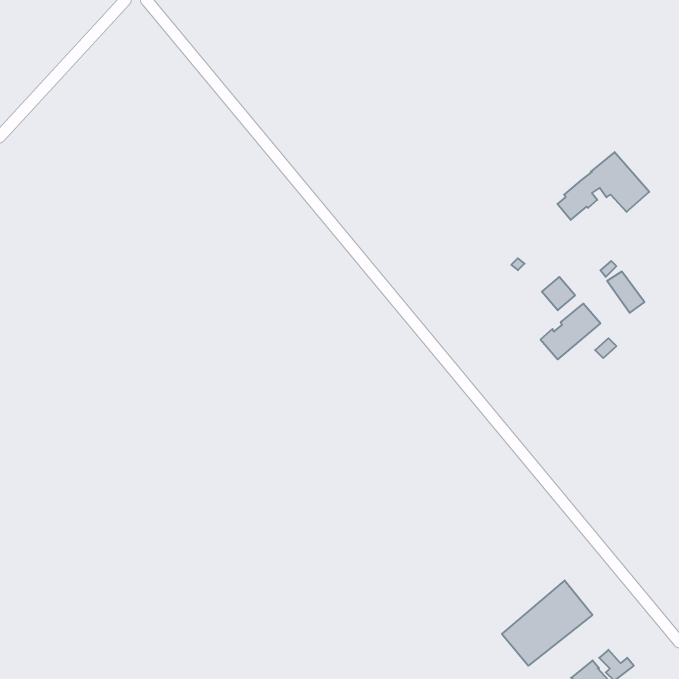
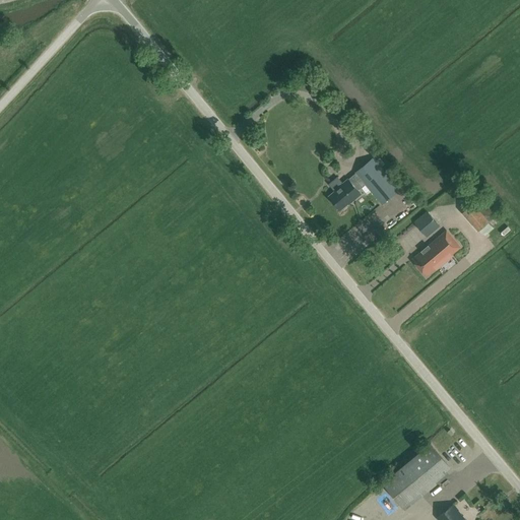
building: [557,152,649,220] -> [329,158,399,210]

